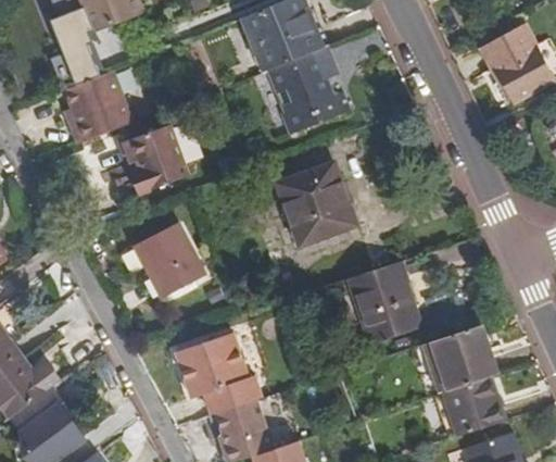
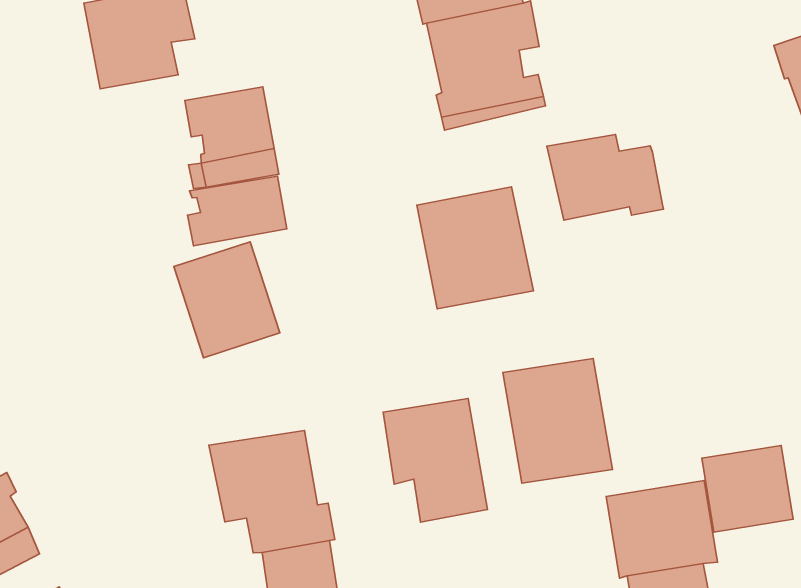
building: none -> [547,134,664,220]
building: none -> [188,176,287,246]
building: none -> [702,445,793,532]
building: none -> [383,398,487,522]

